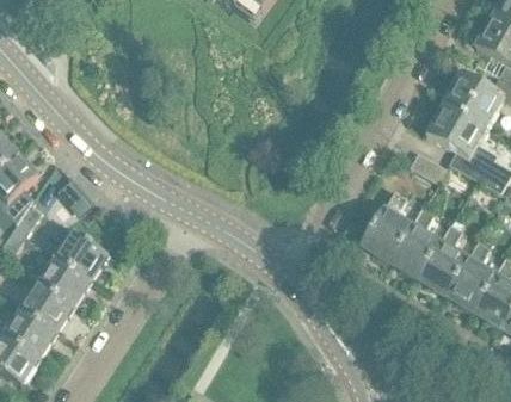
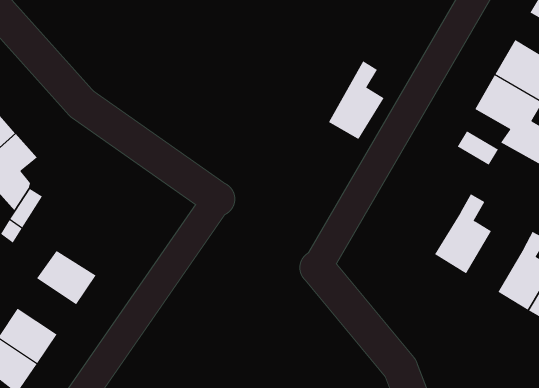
building: [362,190,412,260] -> [328,61,385,140]
building: [54,223,107,279] -> none
building: [418,223,468,293] -> none
building: [19,282,72,332] -> none

